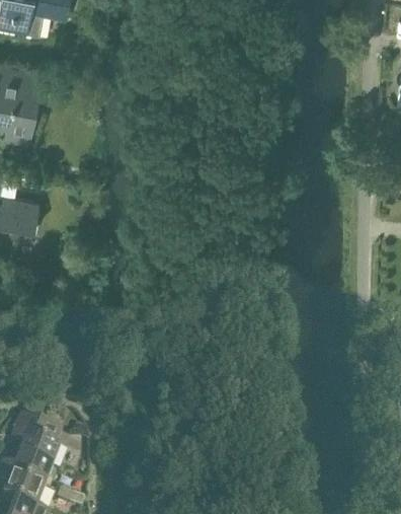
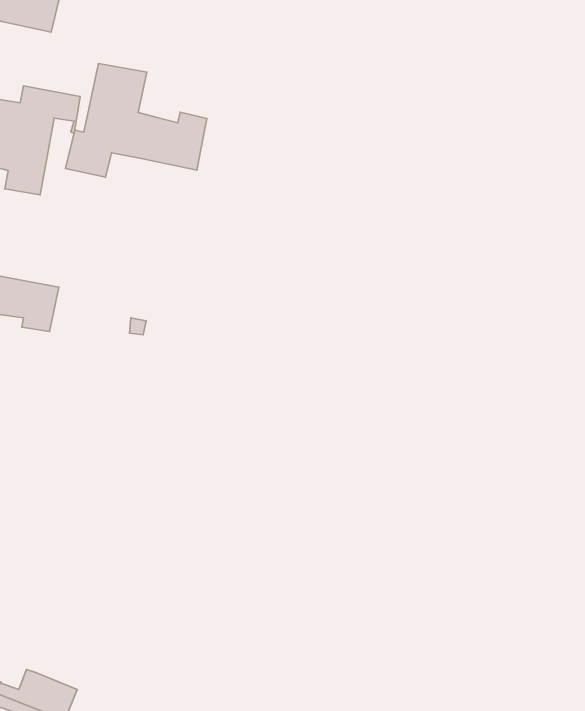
building: none -> [65,64,207,177]
building: [12,418,62,470] -> none

